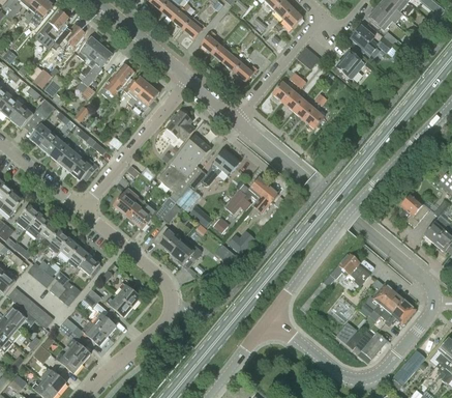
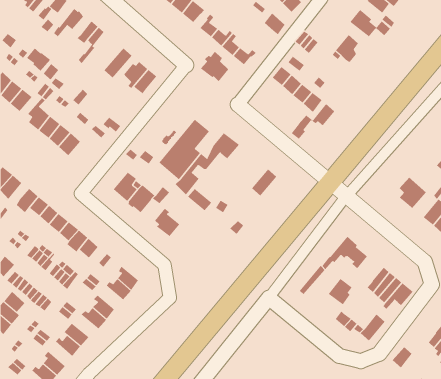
building: [77,48,113,98] -> none
building: [165,110,194,141] -> [200,51,229,82]
building: [69,158,98,180] -> none
building: [224,176,269,212] -> [291,103,335,140]
building: [171,238,202,265] -> none

